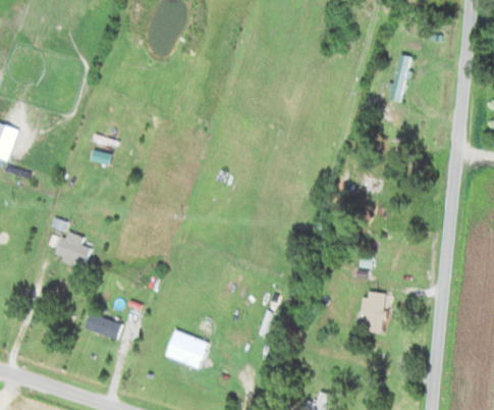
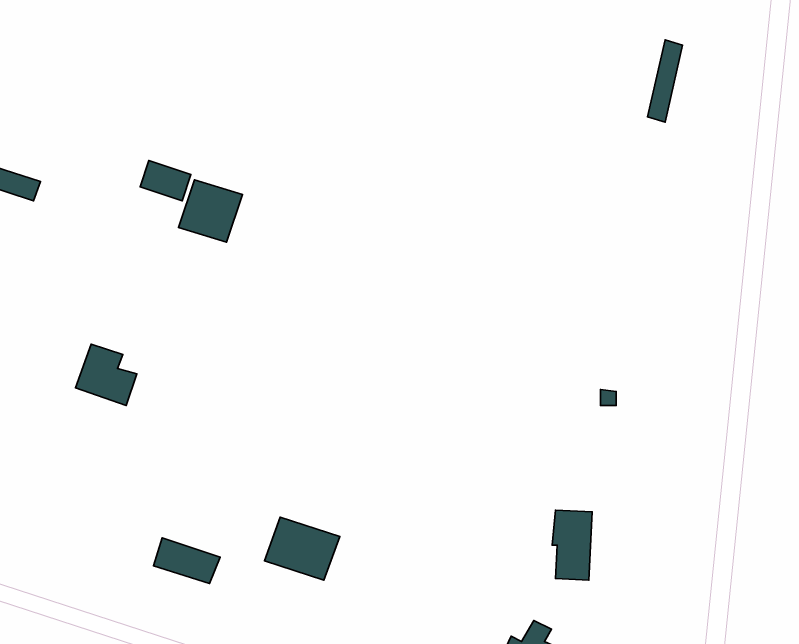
building: none -> [179,180,242,242]
building: [363,292,386,332] -> [552,510,592,580]
building: [84,313,122,340] -> [154,538,220,583]

